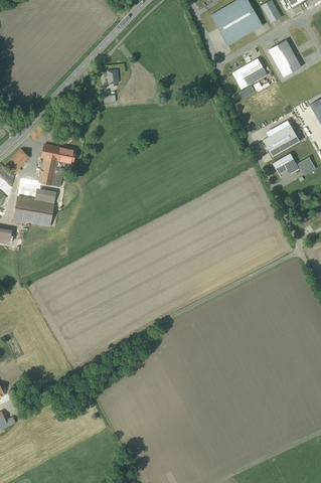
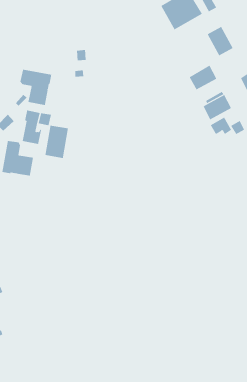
building: [231,58,267,90] -> [189,65,217,90]
building: none -> [20,69,52,106]
building: none -> [45,125,69,159]

